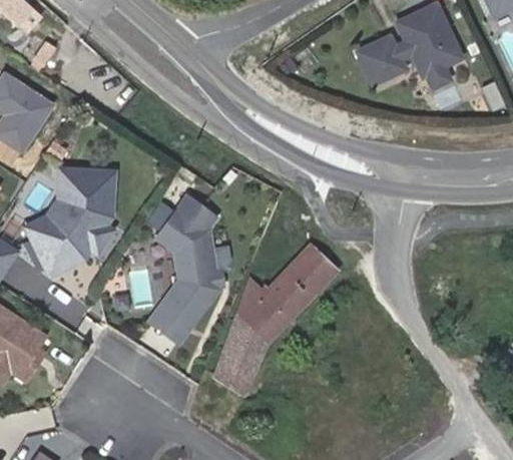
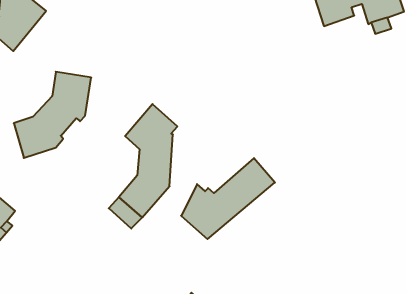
building: [26,172,73,237] -> none
building: [214,320,268,395] -> none

